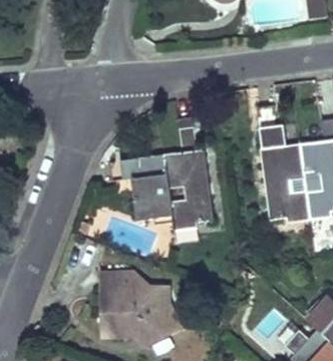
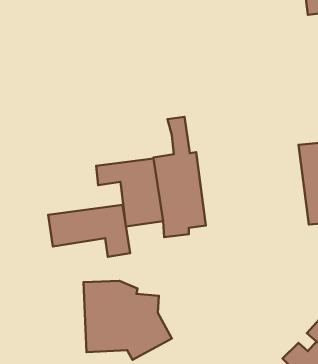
building: [257,104,310,221] -> none
building: none -> [48,205,130,257]

